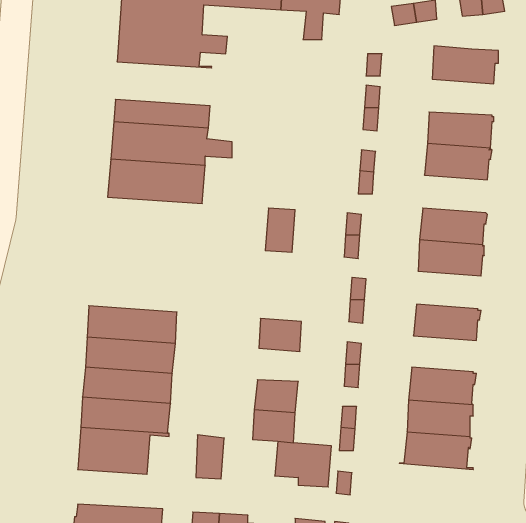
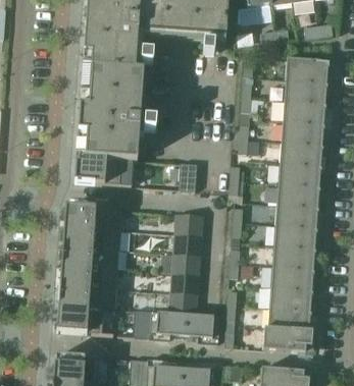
building: none -> [81,67,143,96]
building: none -> [284,78,327,102]
building: none -> [280,141,322,165]
building: none -> [73,155,137,185]
building: none -> [275,203,318,227]
building: none -> [63,205,122,229]
building: none -> [174,213,203,235]
building: none -> [272,244,315,268]
building: none -> [172,253,200,274]
building: none -> [149,311,186,339]
building: none -> [263,327,312,351]

